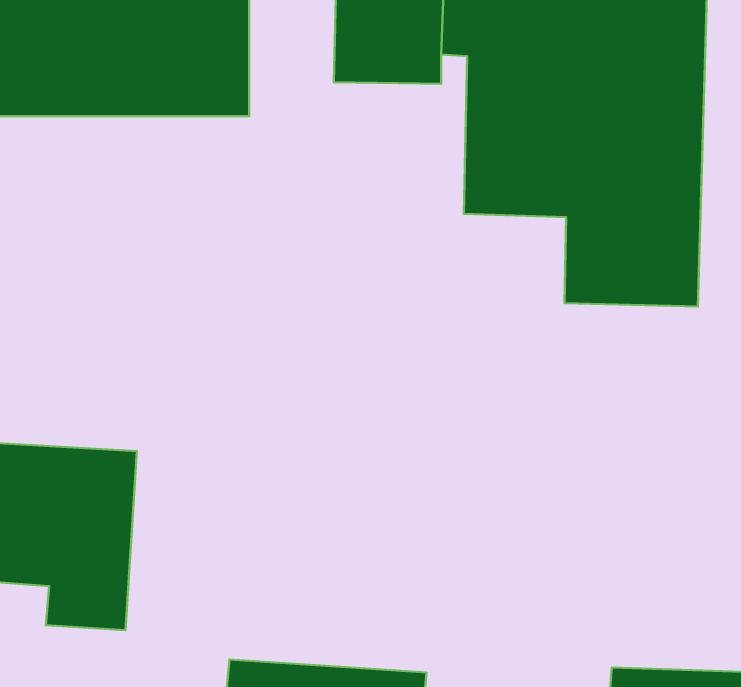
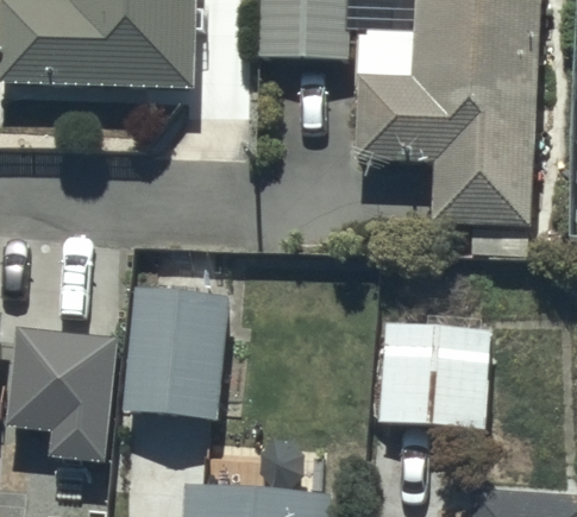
building: none -> [123,284,231,418]
building: none -> [375,322,483,431]

